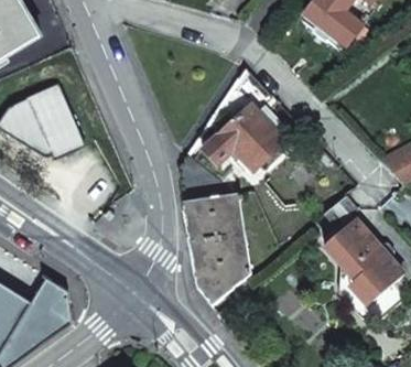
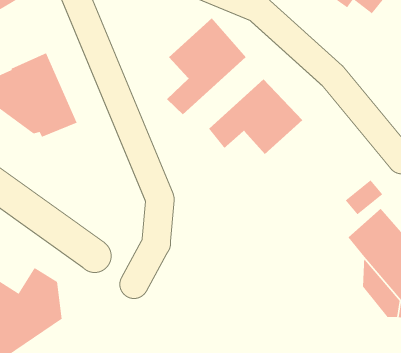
building: none -> [166,17,247,115]
building: [182,194,250,306] -> none

